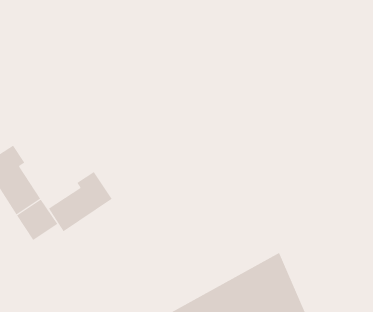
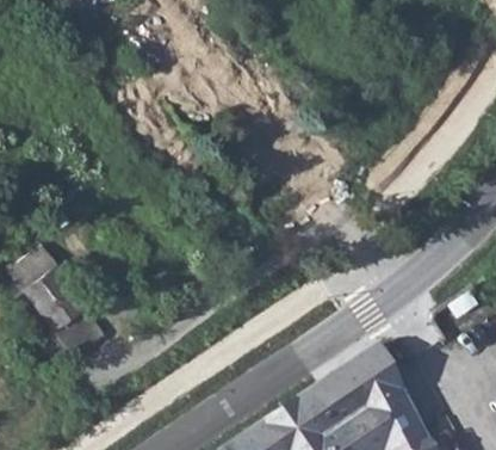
building: [48,171,113,232] -> none

